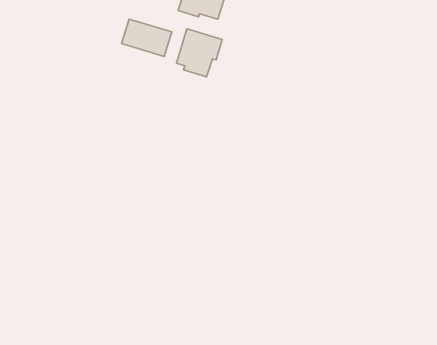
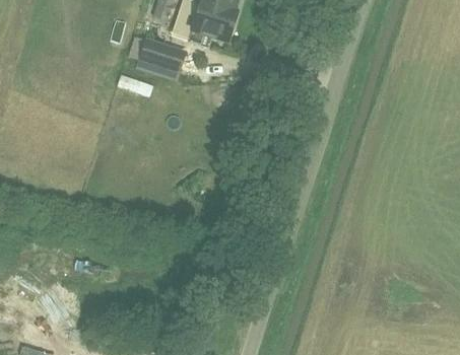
building: [177,29,222,77] -> none

